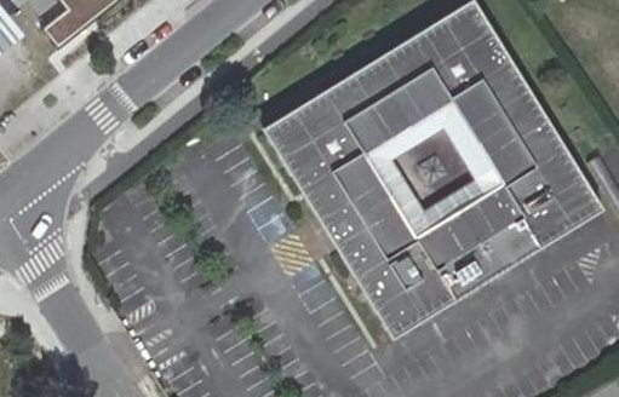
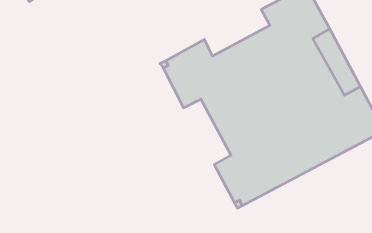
building: [327,39,424,113] -> none
building: [302,178,377,275] -> none

